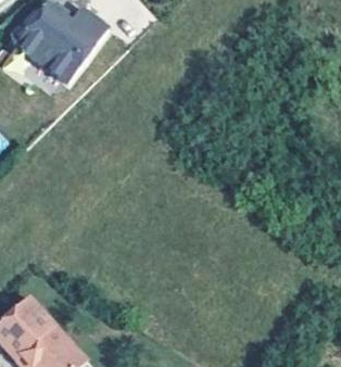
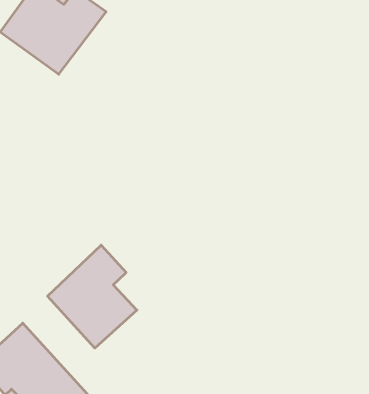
building: none -> [48,245,137,348]

